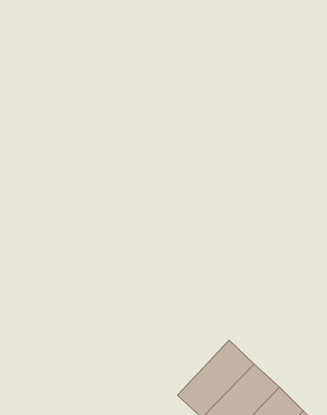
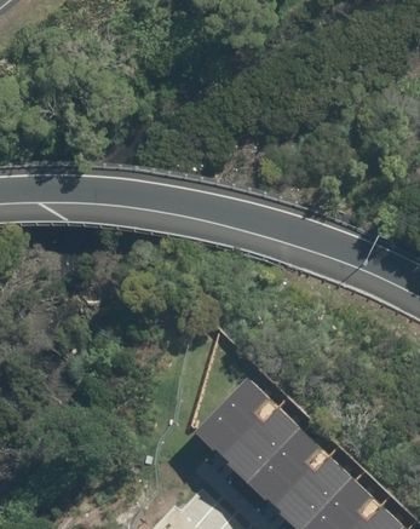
building: none -> [199,383,280,465]

